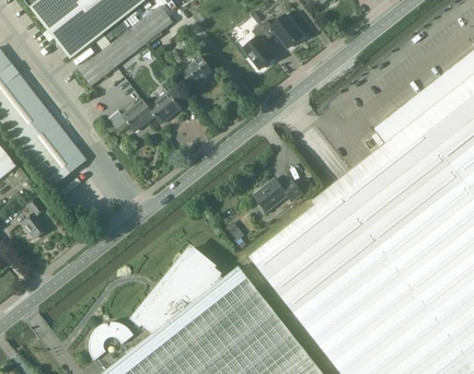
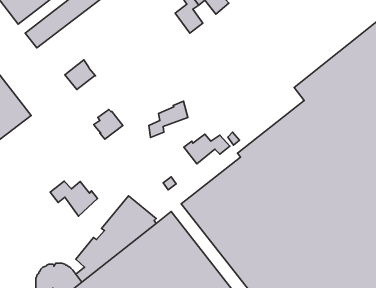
building: [181,57,211,86] -> none
building: [148,90,180,122] -> [94,109,123,139]
building: none -> [149,101,188,137]
building: none -> [50,181,98,216]

